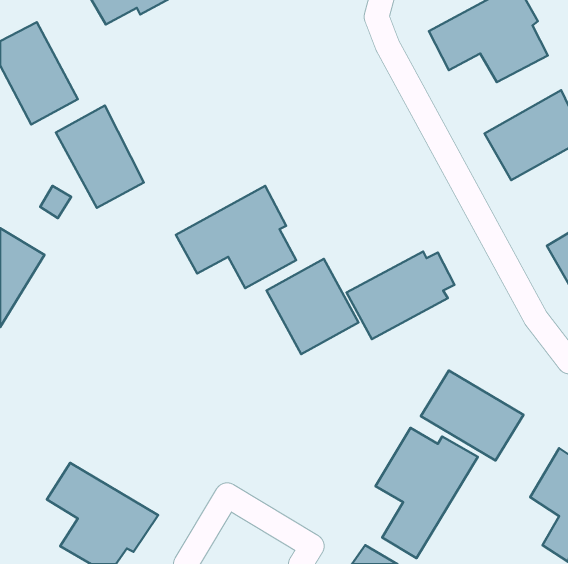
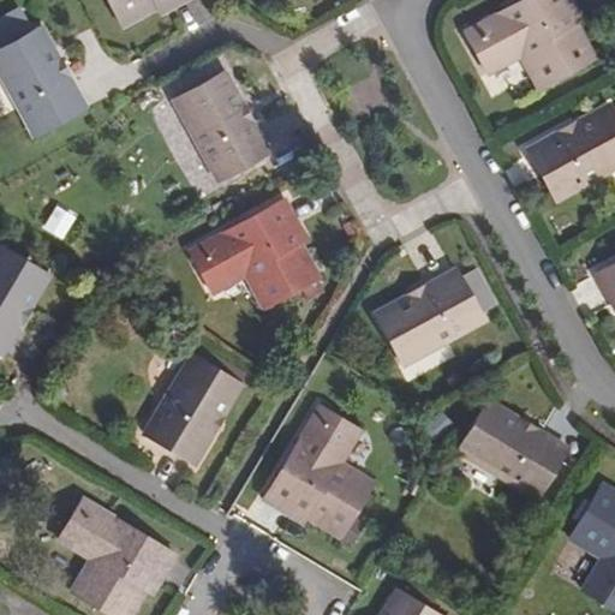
building: [56,106,144,208] -> [177,72,271,183]
building: [266,259,358,354] -> none
building: none -> [141,356,239,461]
building: none -> [255,414,364,544]
building: [376,428,478,558] -> none

